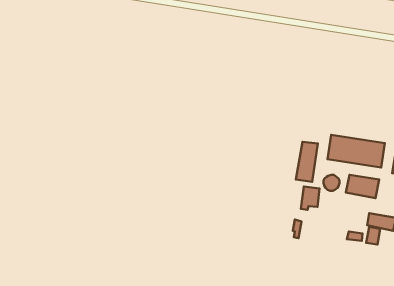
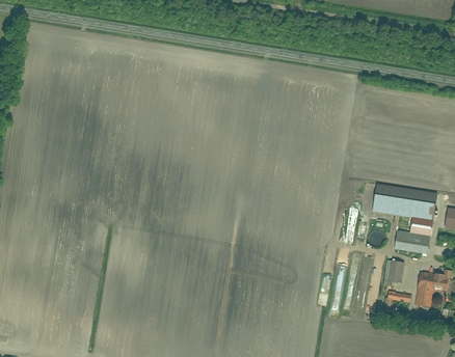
building: [296,142,318,182] -> none
building: [301,187,320,210] -> [384,258,405,284]

